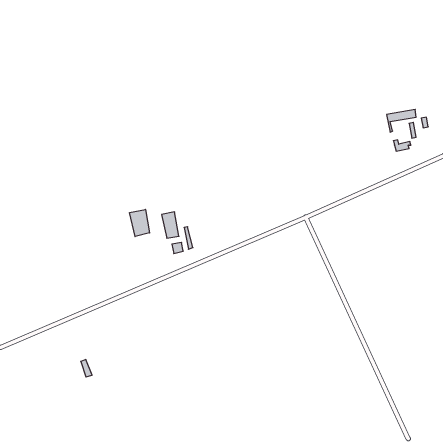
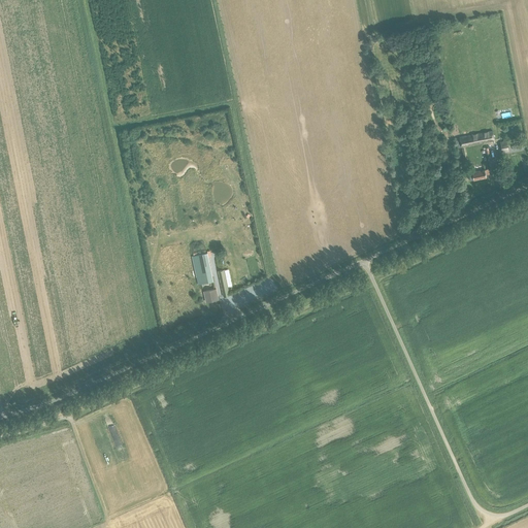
building: [130,209,150,237] -> none

